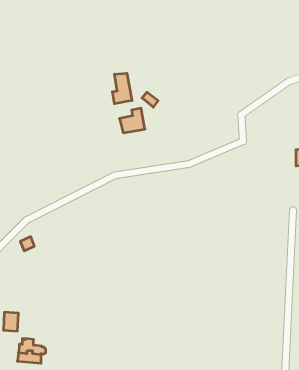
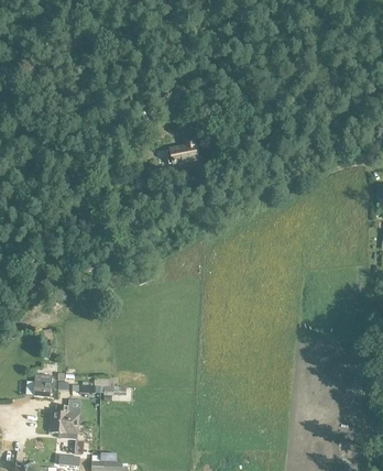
building: [112,73,132,104] -> none

